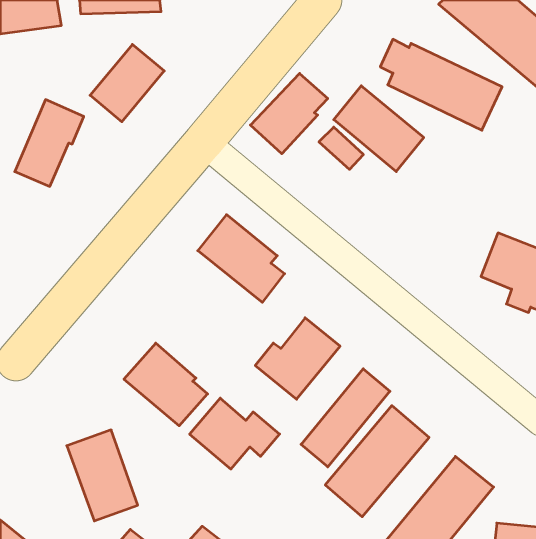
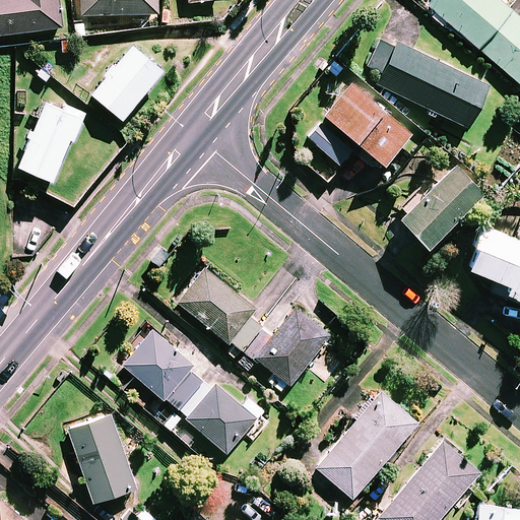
building: [250,73,328,154] -> none
building: none -> [398,166,482,245]
building: [198,215,285,302] -> [179,268,262,352]
building: [301,369,390,467] -> none

